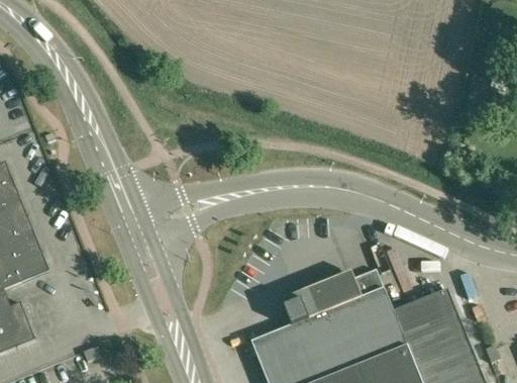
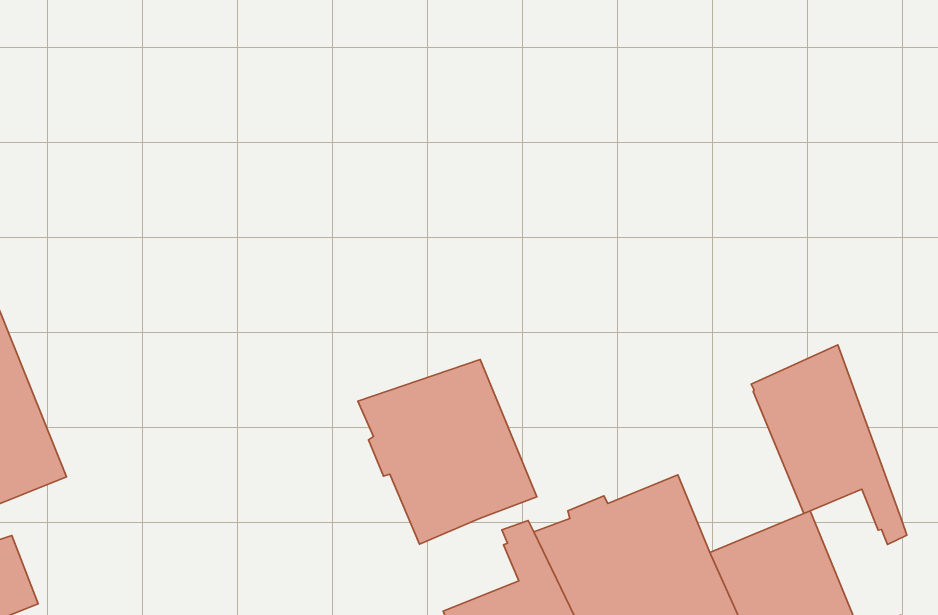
building: none -> [751,345,907,545]
building: none -> [358,359,537,544]

